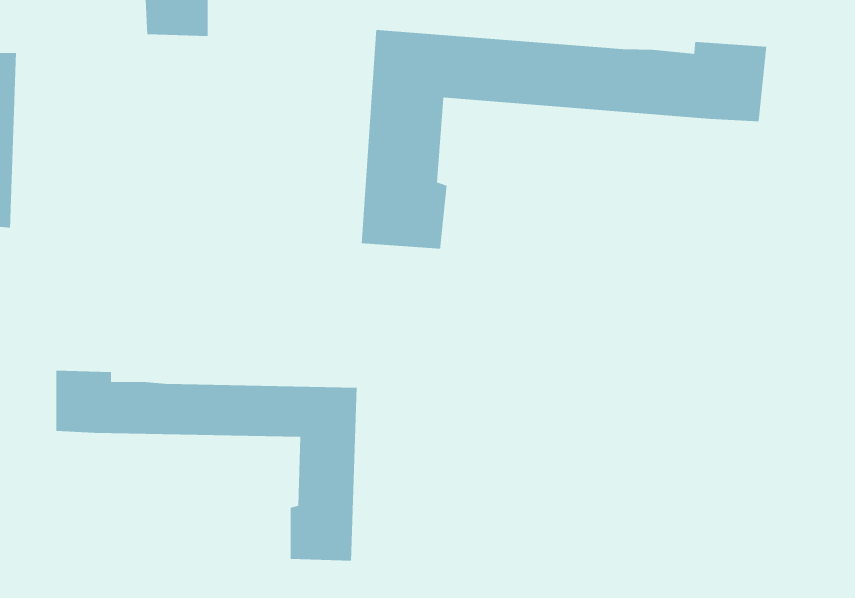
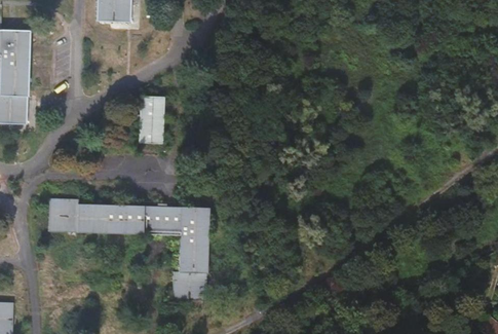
building: [361,29,767,249] -> none
building: none -> [136,95,164,142]

